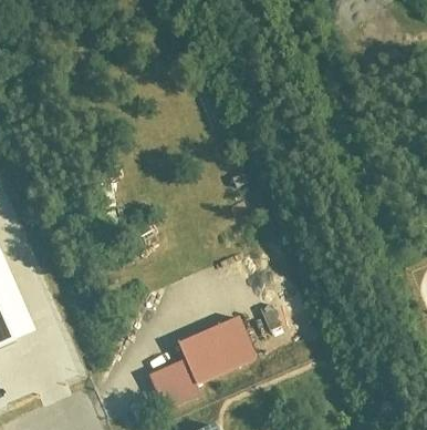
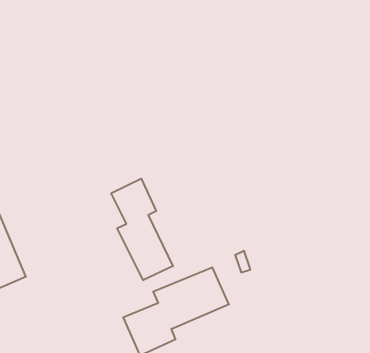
building: none -> [111,179,173,280]

